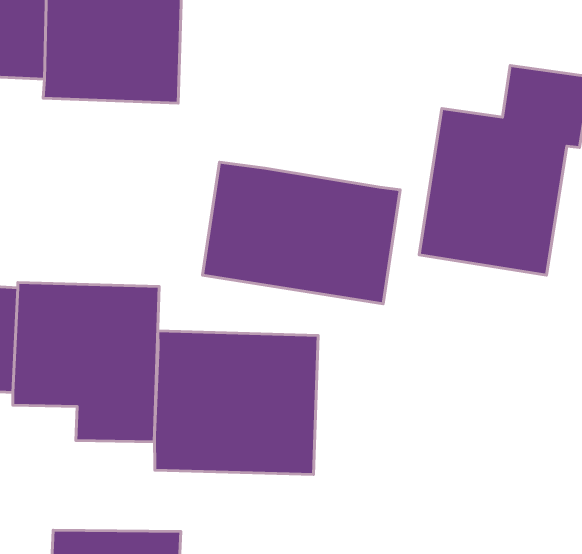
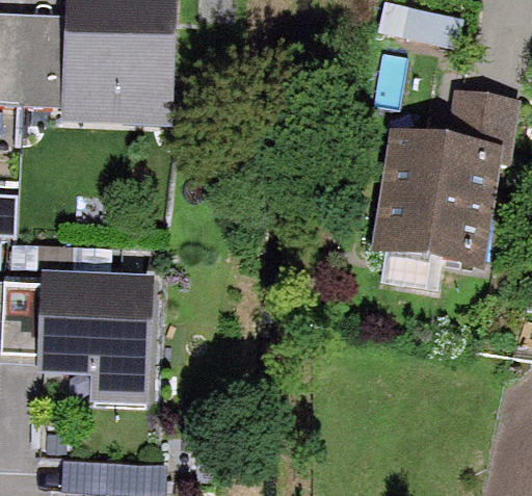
building: [203,162,400,304] -> none
building: [154,331,318,474] -> none

